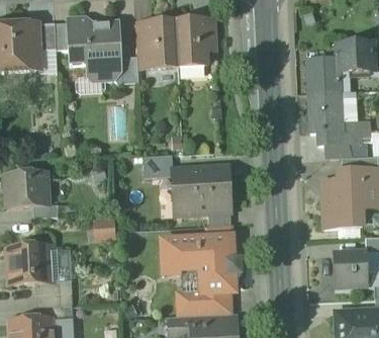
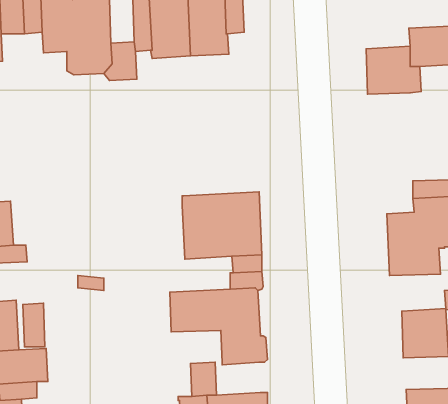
building: [308,92,362,144] -> none
building: [143,154,173,176] -> none
building: [196,290,229,315] -> none

